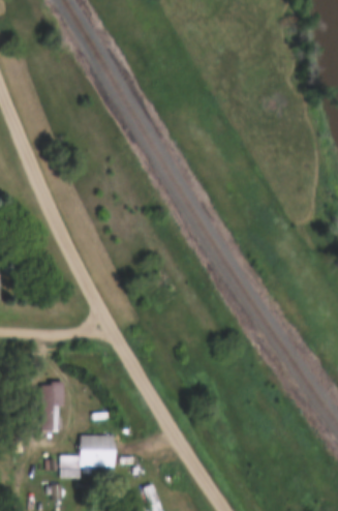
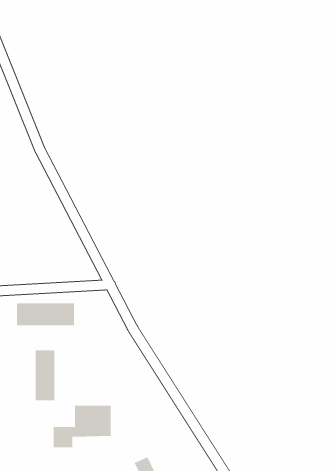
building: none -> [17,302,75,326]

